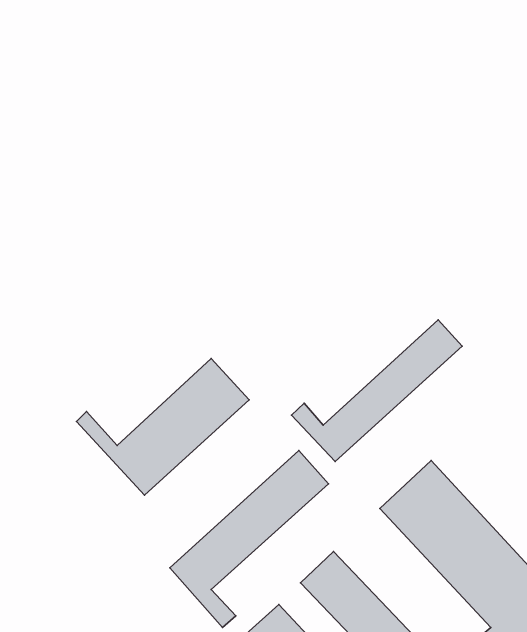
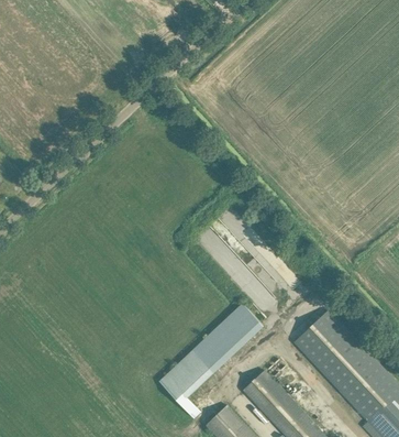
building: [291,320,462,462] -> none
building: [76,359,249,495] -> none

